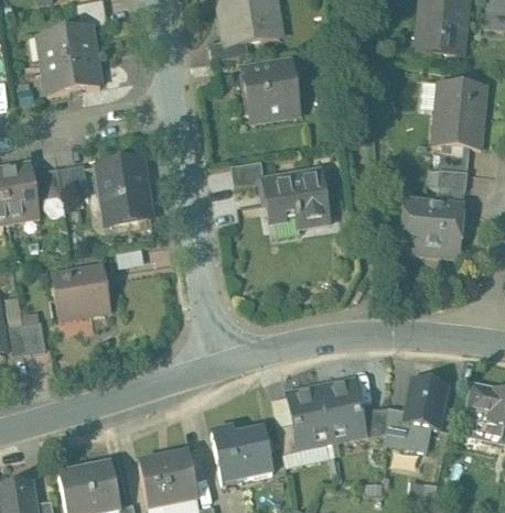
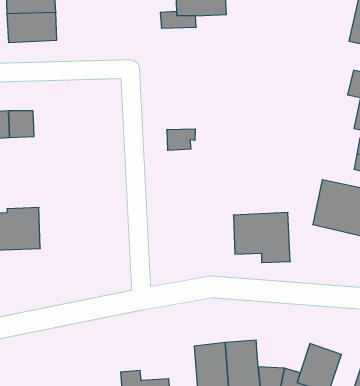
building: [245,58,299,118] -> none
building: [98,156,150,222] -> none
building: [262,168,330,226] -> [233,212,290,262]

